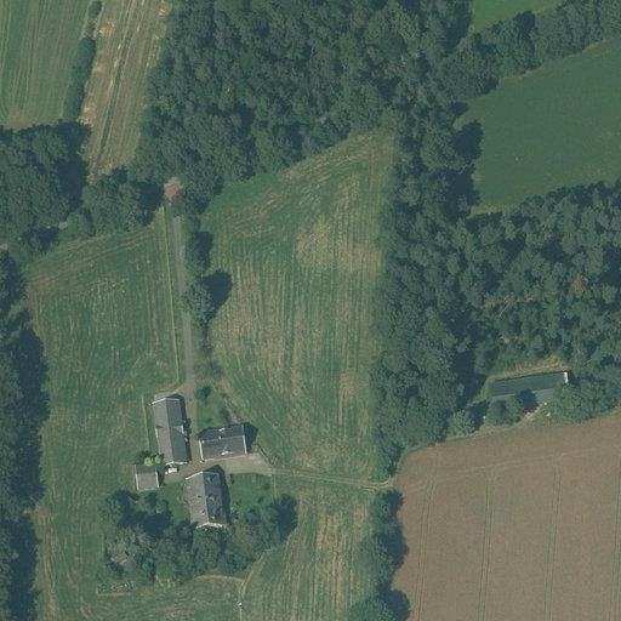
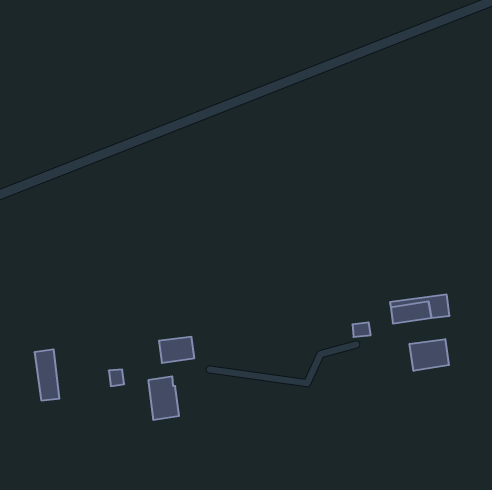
building: [154,400,186,465] -> [34,349,59,400]
building: none -> [410,339,449,371]

